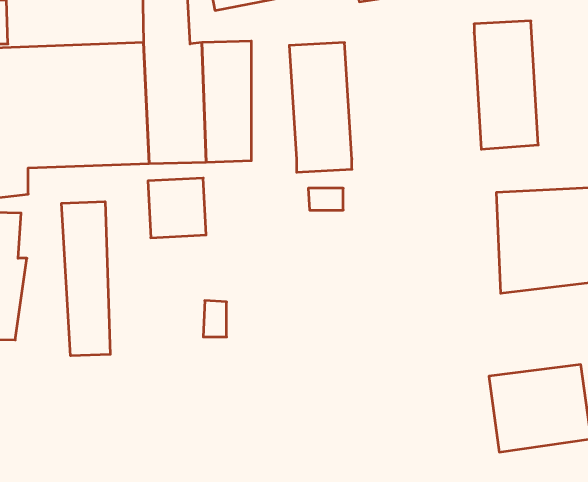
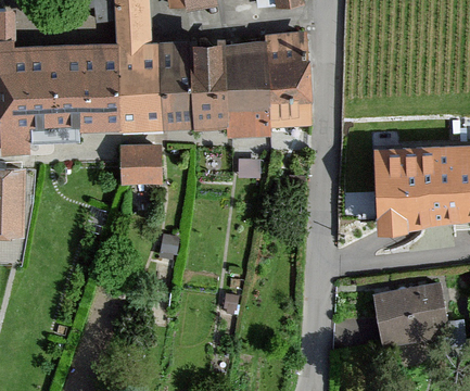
building: [474,21,538,149] -> [264,34,312,129]
building: none -> [194,41,228,130]
building: [62,202,110,356] -> none

